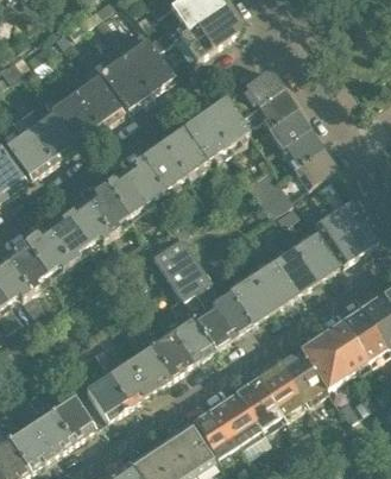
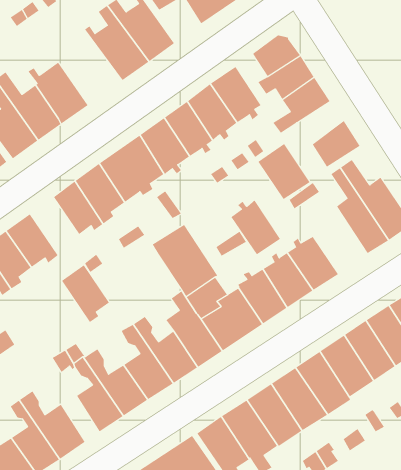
building: [70,68,122,131] -> none
building: [279,127,321,165] -> none
building: [45,212,88,263] -> [61,265,110,323]
building: [294,231,338,279] -> [231,200,281,255]

